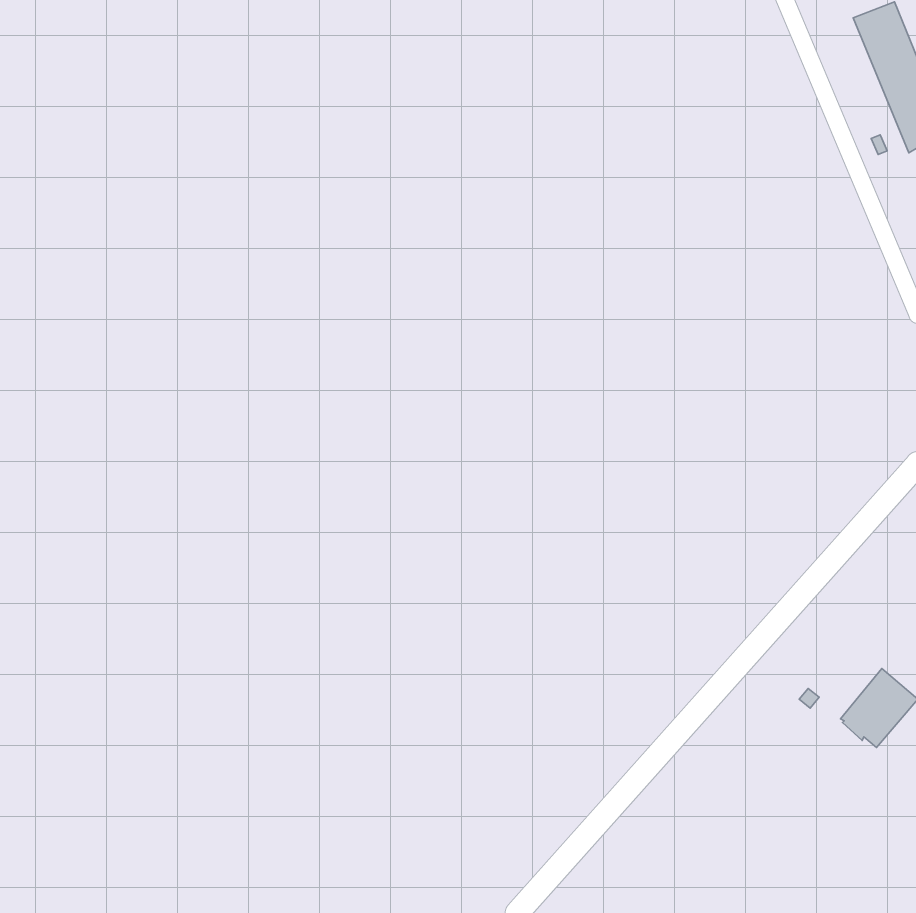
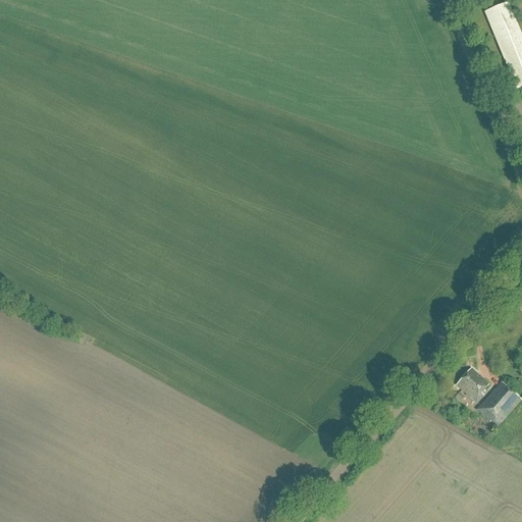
building: none -> [457,367,489,400]

